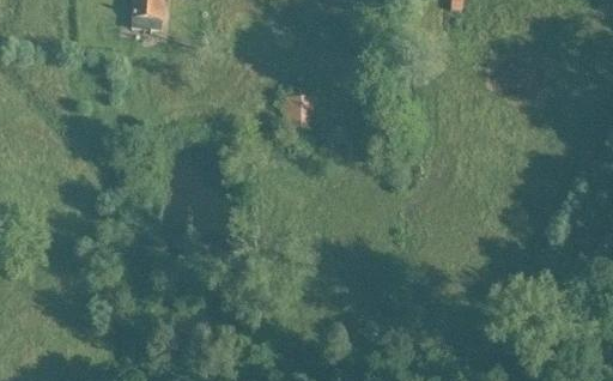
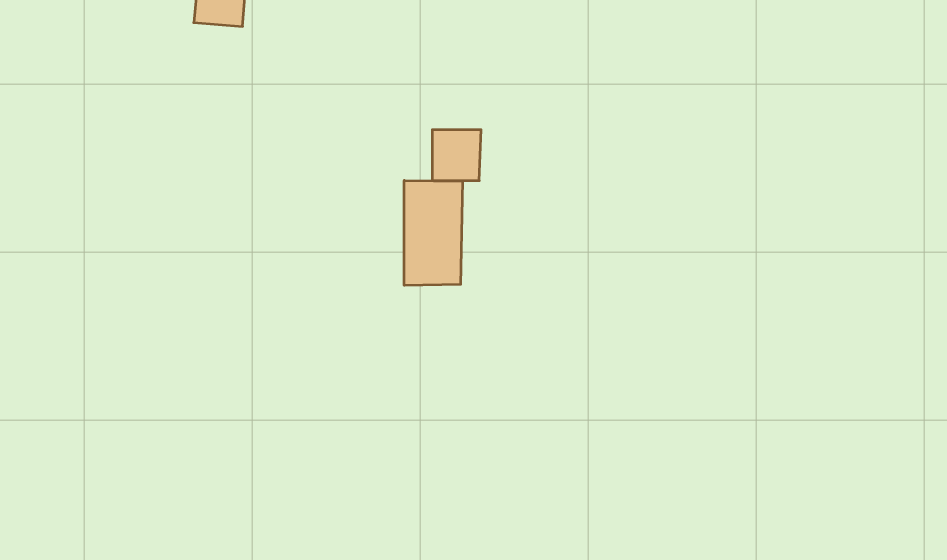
building: none -> [404,180,463,285]

